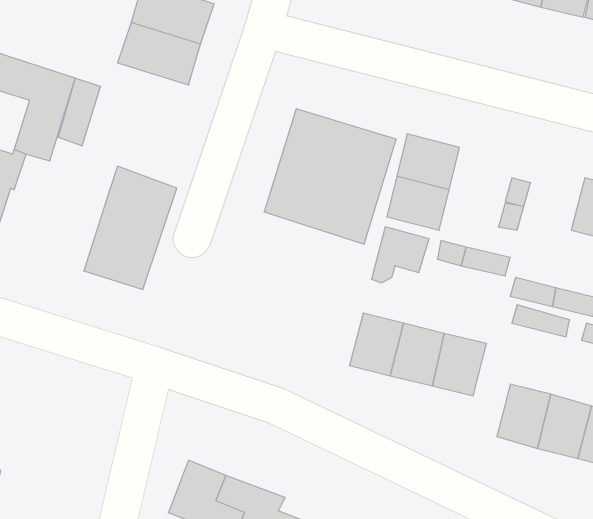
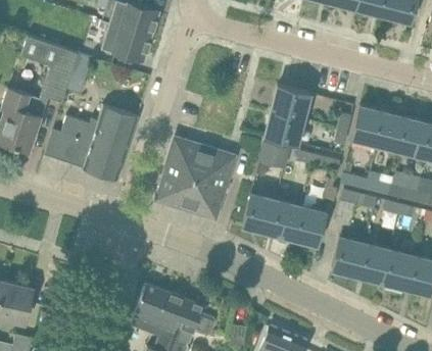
building: [264,109,396,244] -> [155,138,235,219]
building: none -> [352,106,385,144]
building: none -> [45,116,98,168]

